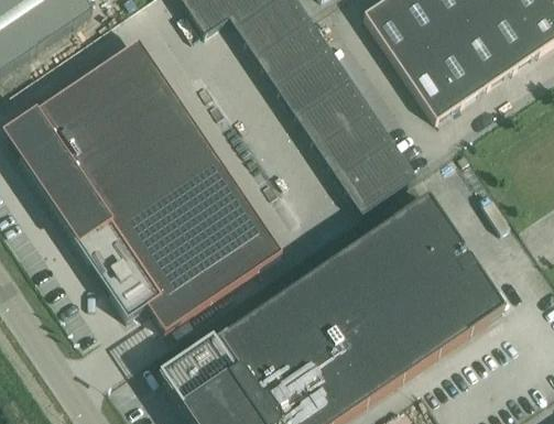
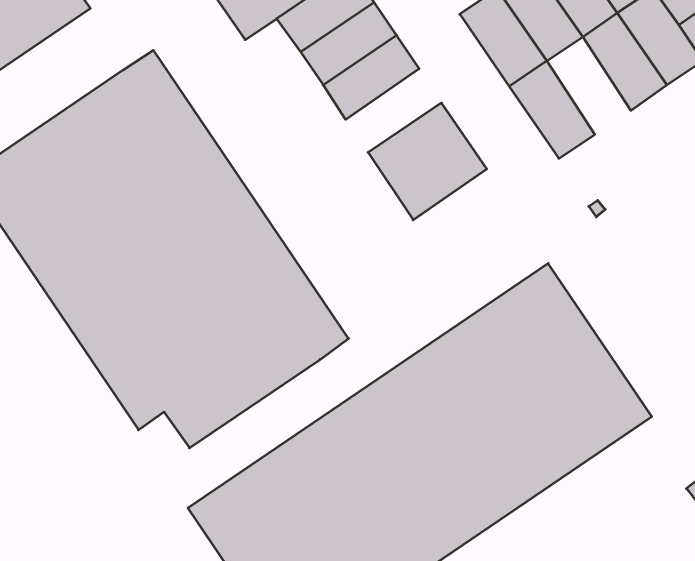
building: [427,29,489,100] -> none
building: [280,52,350,113] -> none
building: [329,126,417,211] -> none

